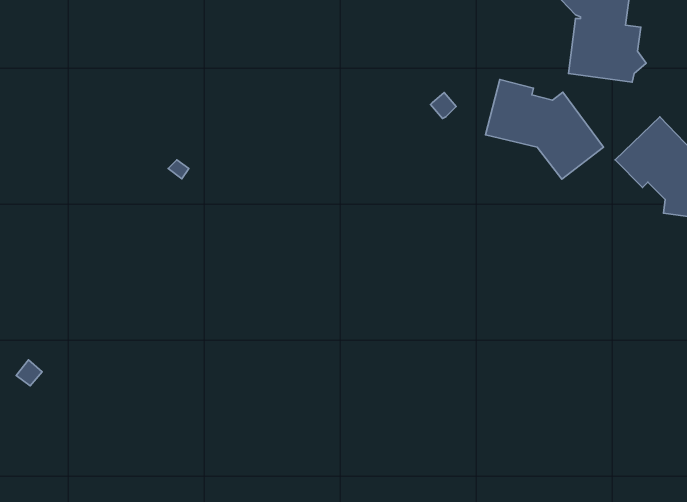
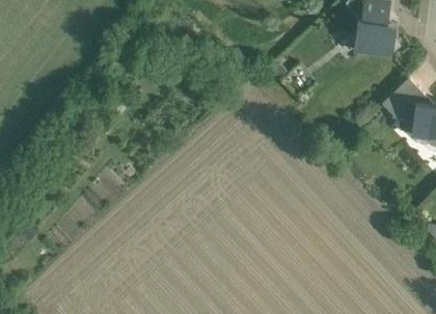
building: [485,79,603,179] -> none

